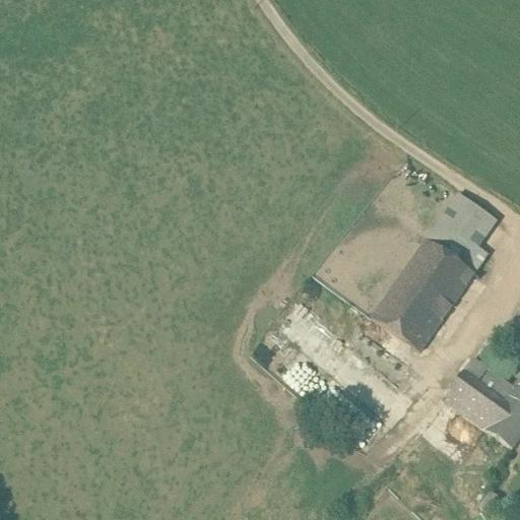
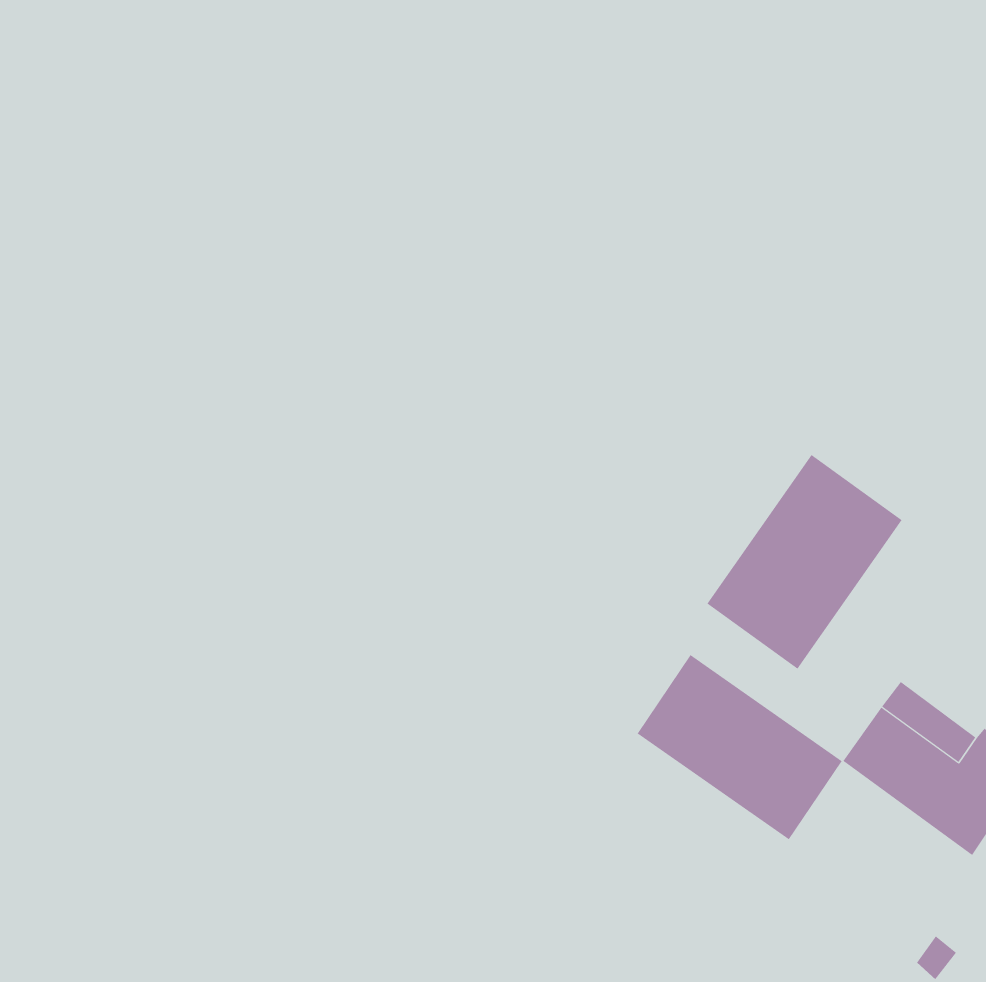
building: [428,192,496,272] -> none
building: none -> [637,654,842,840]

